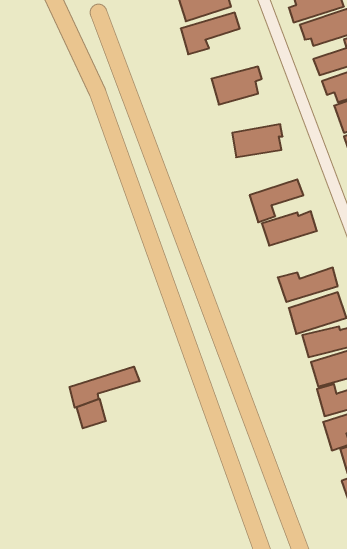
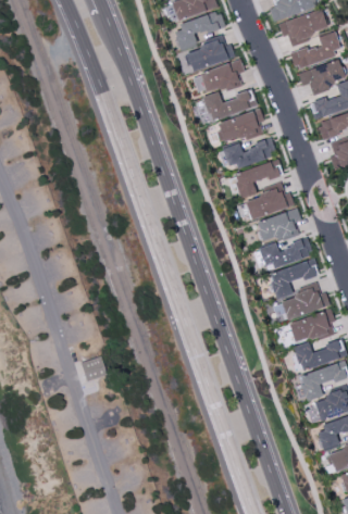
building: none -> [186,40,236,73]
building: none -> [203,91,257,122]
building: none -> [222,137,277,172]
building: none -> [256,209,301,245]
building: [69,367,140,408] -> none

